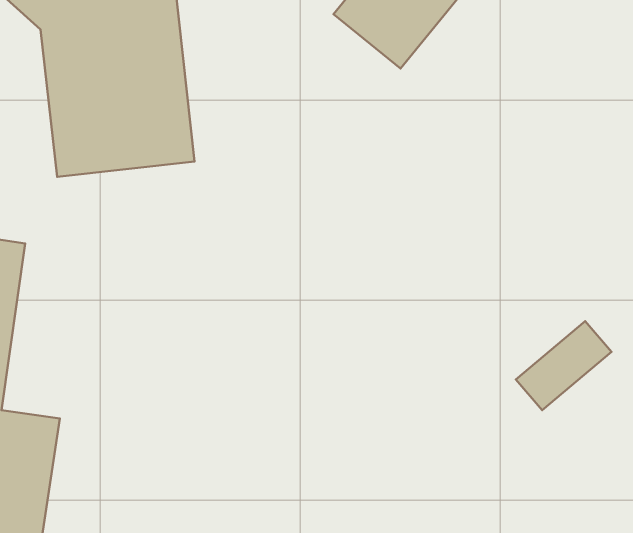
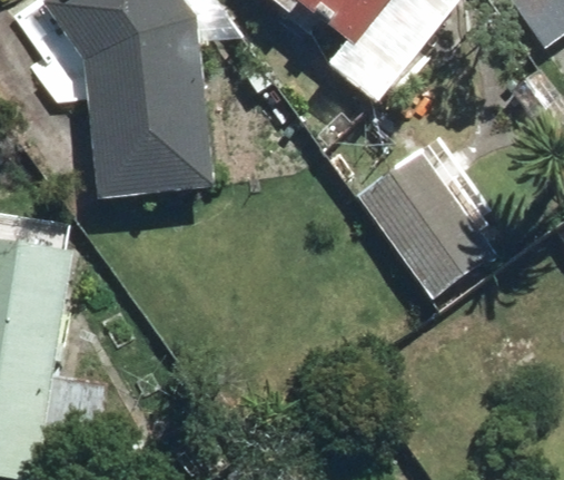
building: none -> [353,147,473,270]

